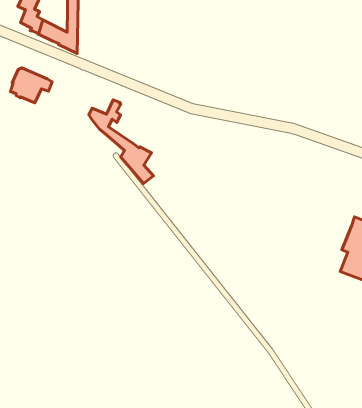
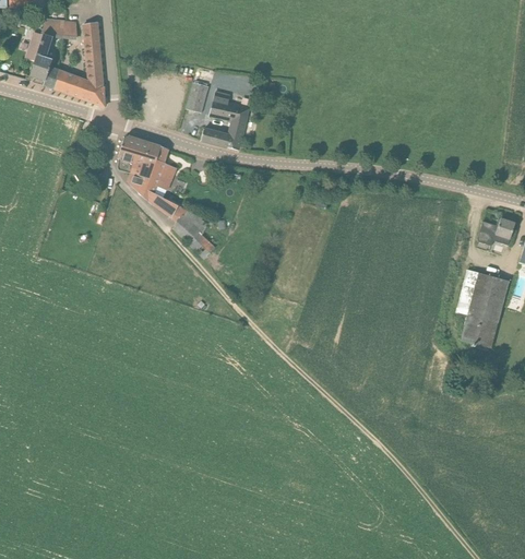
building: none -> [186,82,208,112]
building: none -> [201,92,249,150]
building: [10,68,52,103] -> [118,135,168,177]

